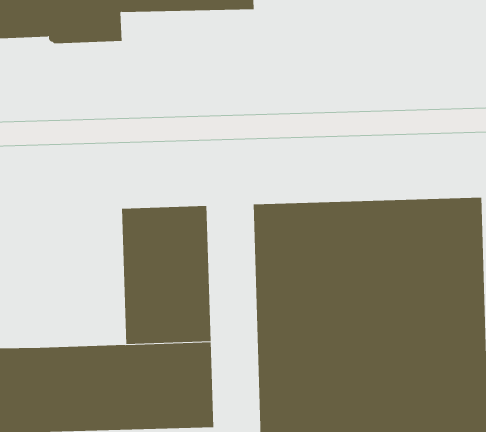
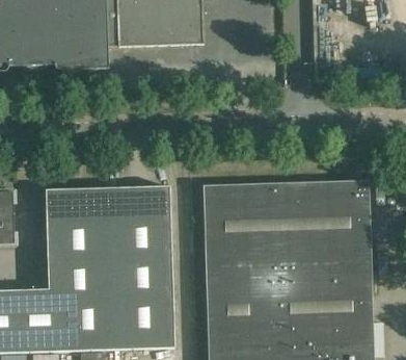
building: none -> [45,189,110,290]

